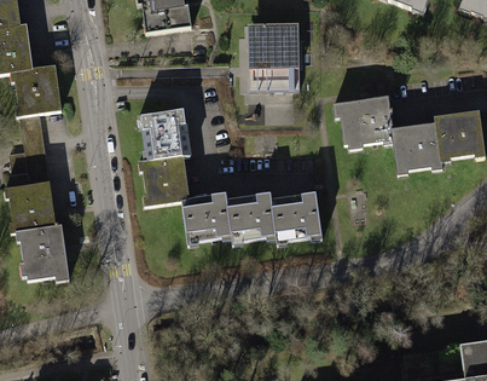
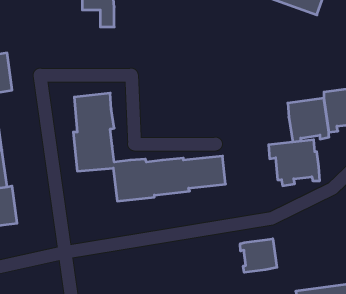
building: [247,23,298,91] -> none
building: [332,94,394,150] -> [269,140,320,186]
building: none -> [240,239,277,272]

